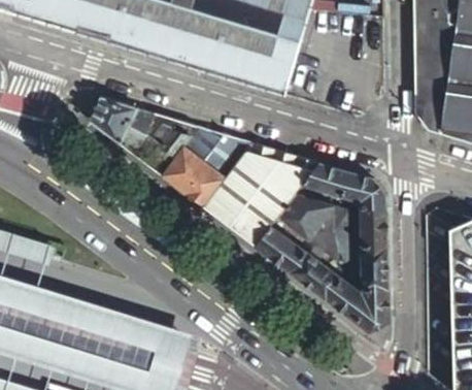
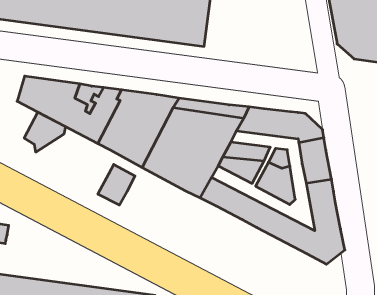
building: none -> [24,112,65,152]
building: none -> [98,164,135,205]

